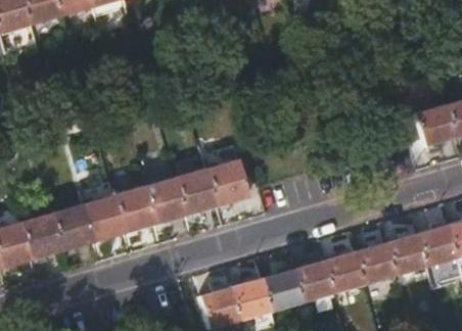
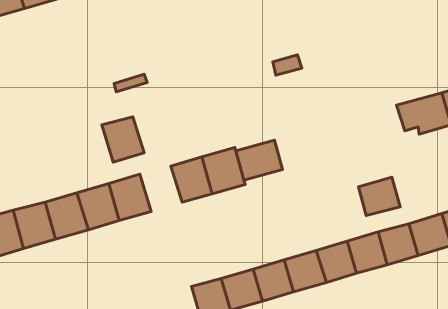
building: none -> [236,140,283,180]
building: [150,177,192,222] -> [102,117,144,162]
building: none -> [358,177,400,216]

